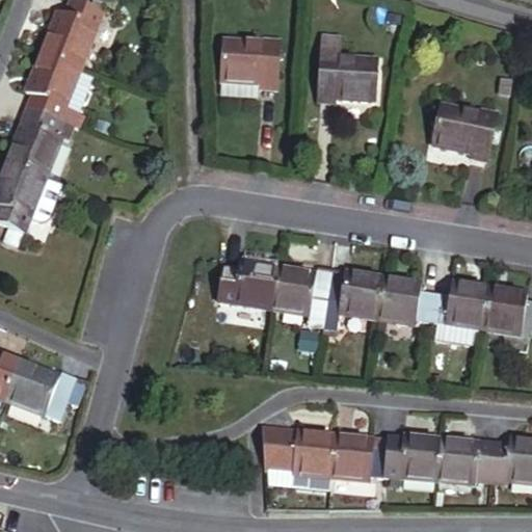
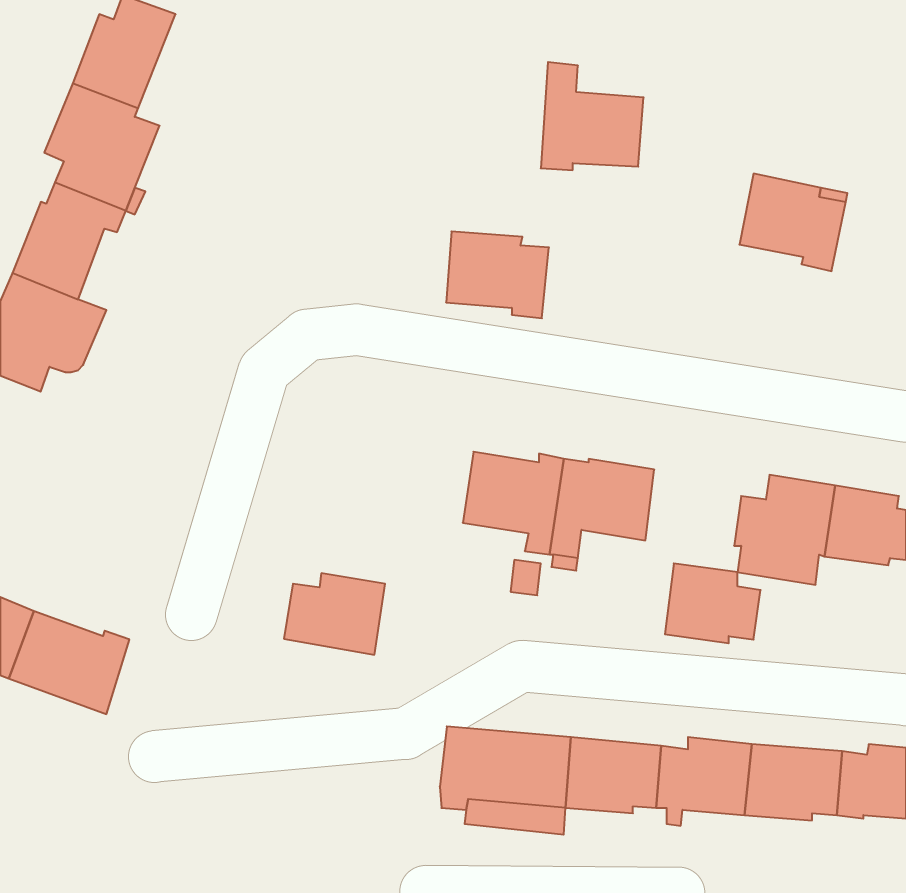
building: [220,37,281,88] -> [446,231,549,318]
building: [218,259,277,307] -> [284,573,385,655]
building: [378,275,434,322] -> [665,563,761,643]

